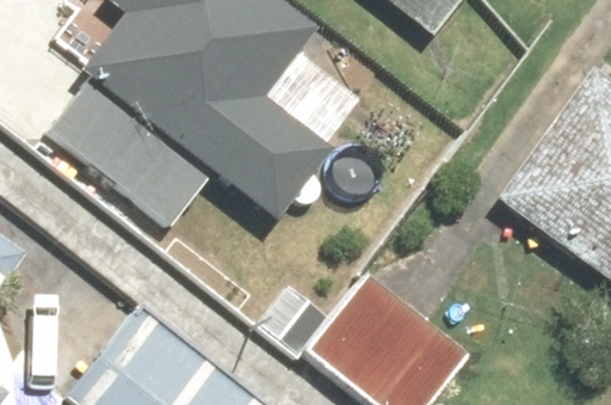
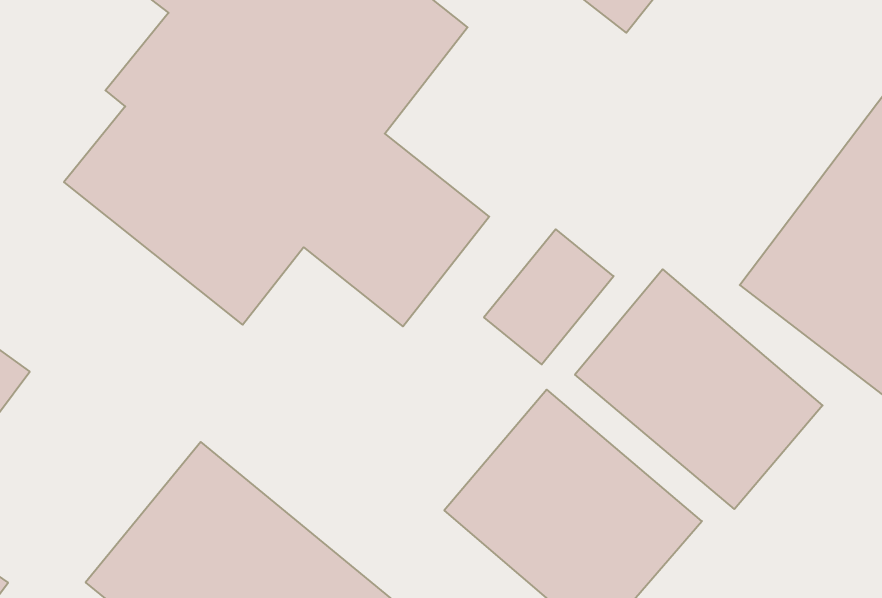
building: none -> [575,269,823,509]

